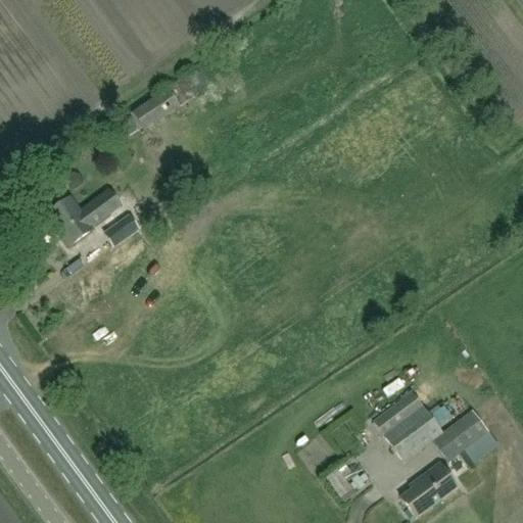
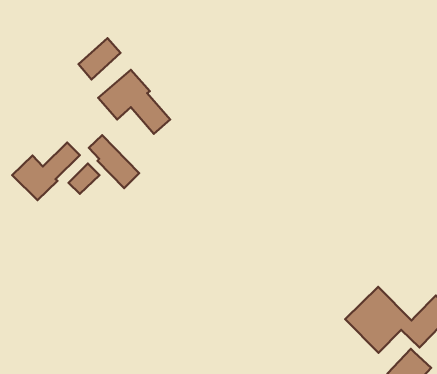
building: none -> [98,70,170,134]
building: none -> [89,135,139,188]

